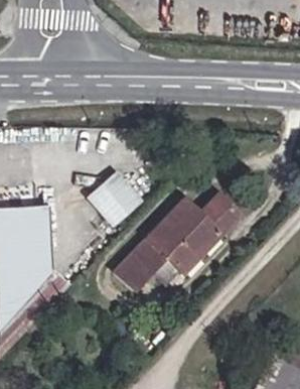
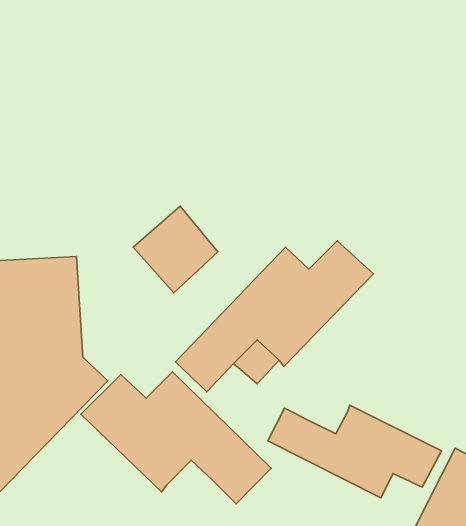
building: none -> [81,372,271,504]
building: none -> [268,405,441,498]

